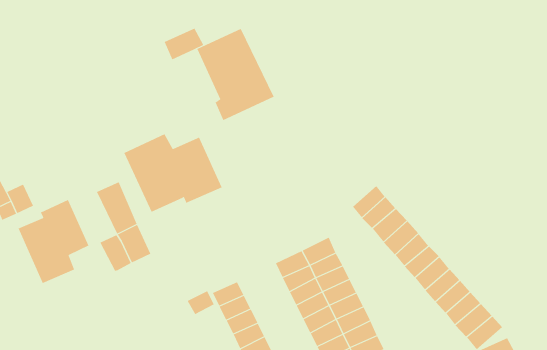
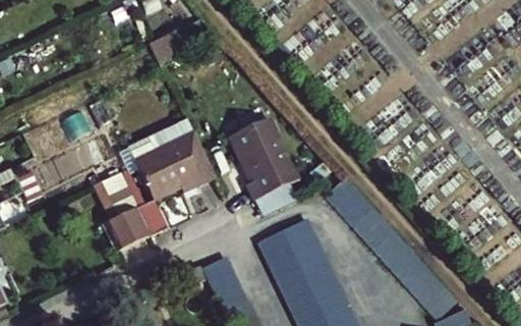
building: [196,28,274,121] -> [228,116,297,199]
building: [18,199,89,284] -> none

